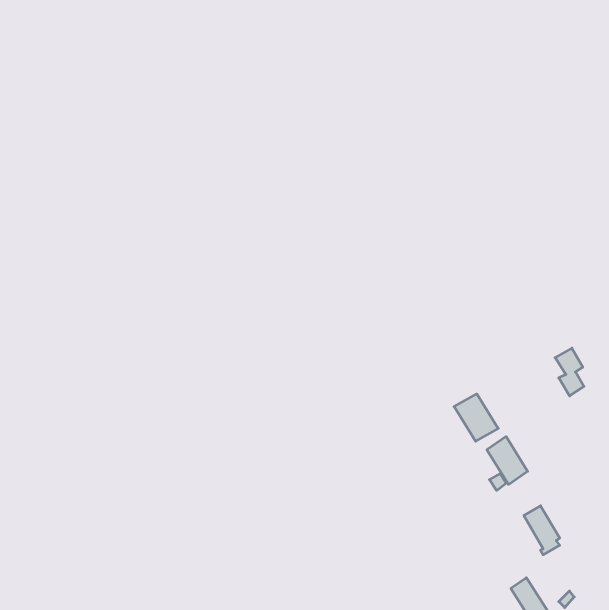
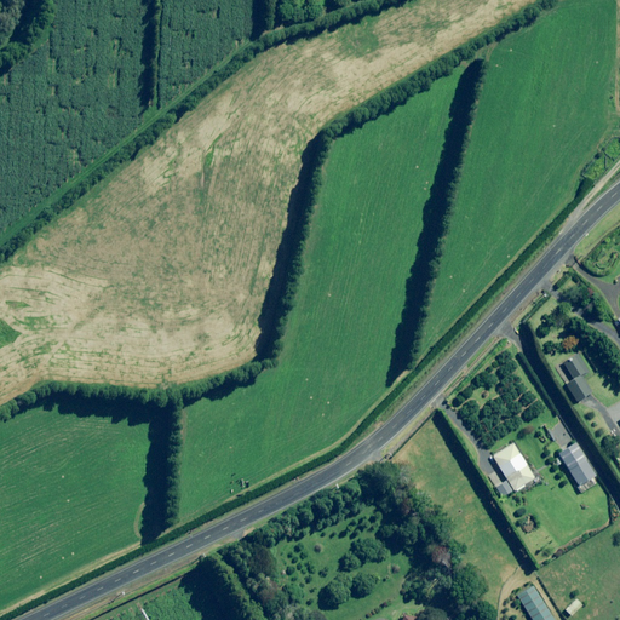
building: [454,394,498,441] -> none
building: [524,506,560,555] -> [559,443,596,493]

